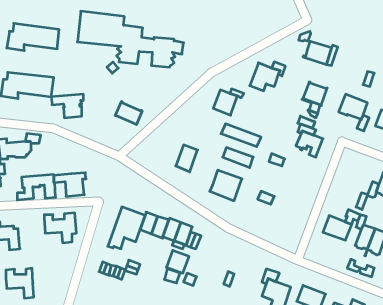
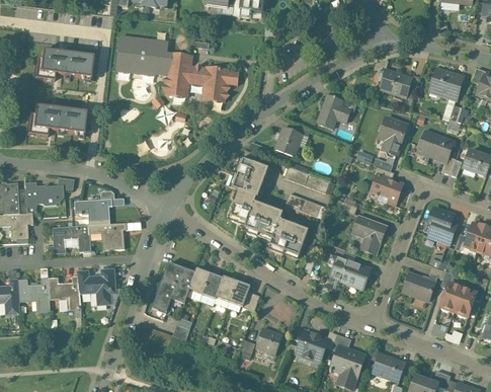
building: none -> [429,69,464,99]
building: [51,94,83,118] -> [74,199,111,226]
building: [115,101,142,125] -> none
building: none -> [232,159,268,197]
building: none -> [245,202,282,237]
building: none -> [352,216,386,254]
building: none -> [428,217,457,244]
building: none -> [339,260,371,289]
building: [166,250,189,273] -> [256,328,282,355]
building: none -> [298,331,328,358]
building: [6,268,34,298] -> [48,276,80,310]

